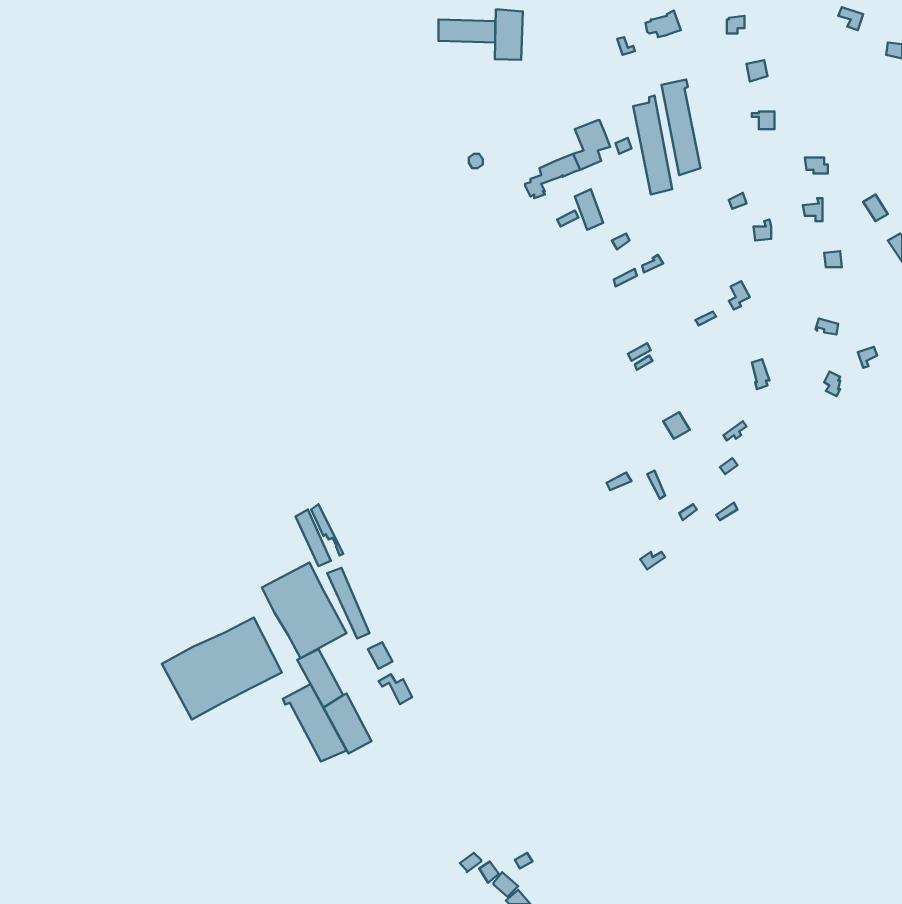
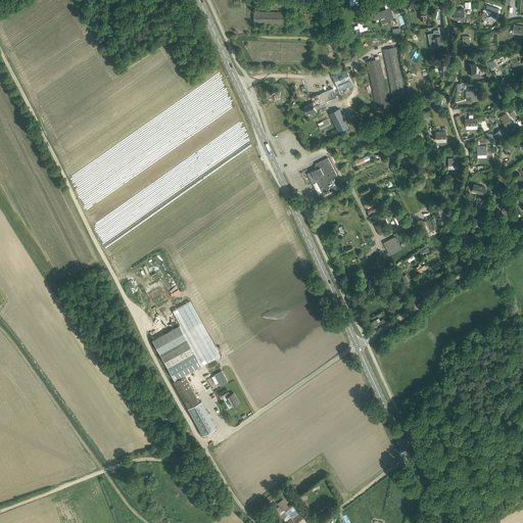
building: [495,9,523,60] -> none
building: none -> [306,157,343,197]
building: [162,618,282,720] -> none
building: [283,684,346,762] -> none

